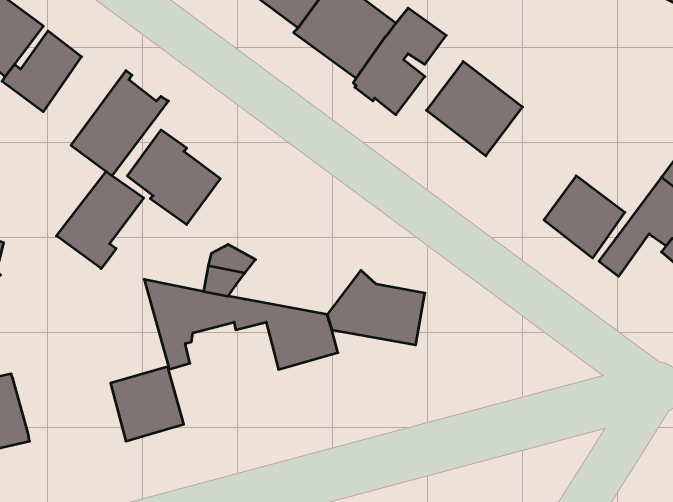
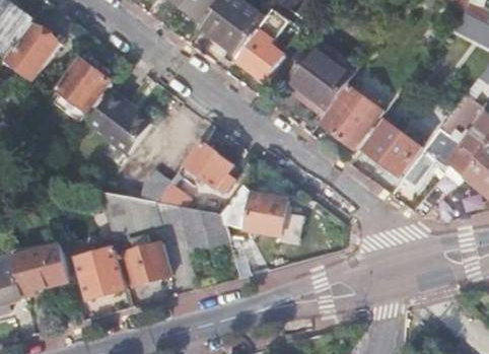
building: none -> [321,86,380,148]
building: [56,172,144,269] -> none
building: none -> [177,142,232,194]
building: none -> [123,242,170,286]
building: none -> [12,243,70,293]

